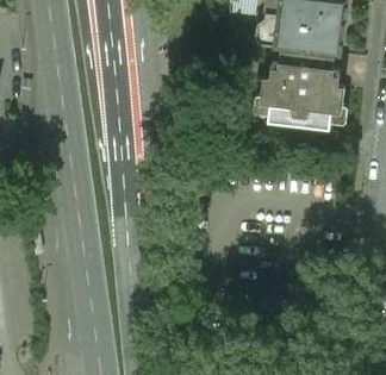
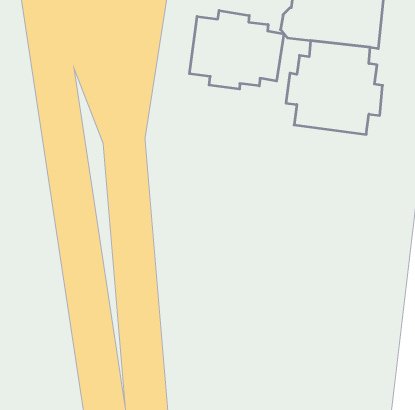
building: none -> [189,10,284,89]

